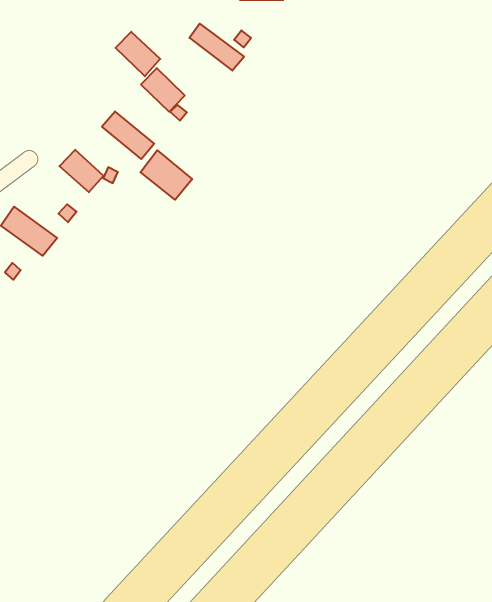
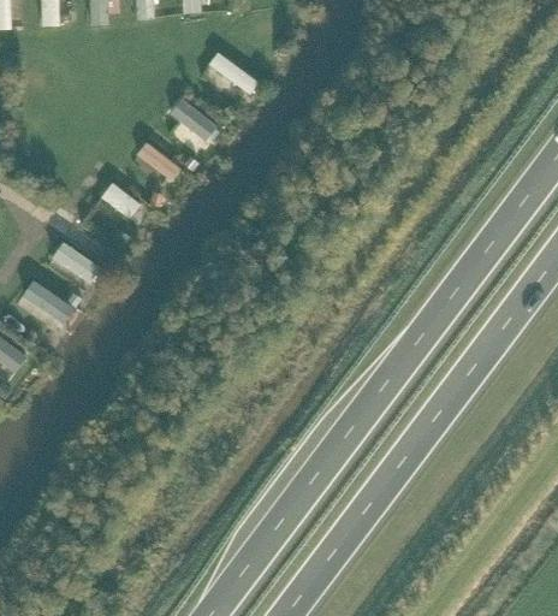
building: [116,32,160,76] -> none
building: [140,150,192,200] -> none

